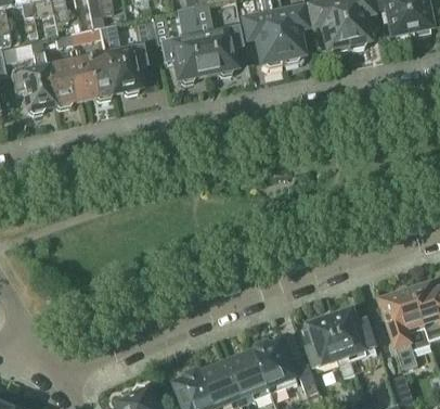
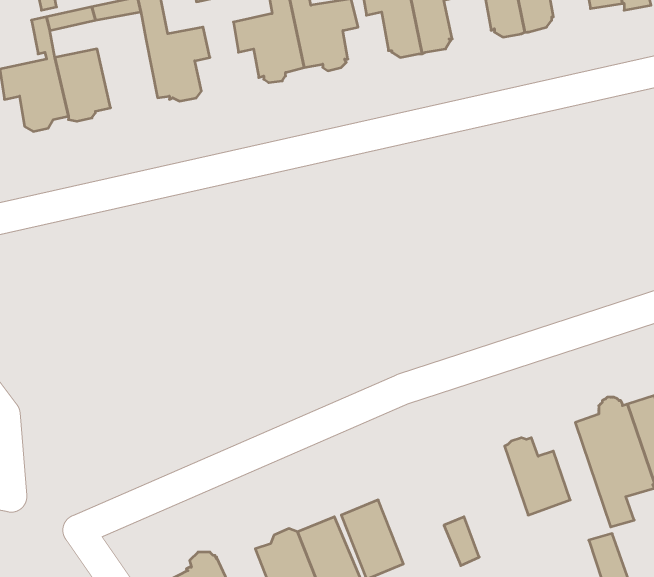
building: [77,53,112,99] -> none
building: [301,316,354,375] -> none
building: [254,340,297,392] -> none

